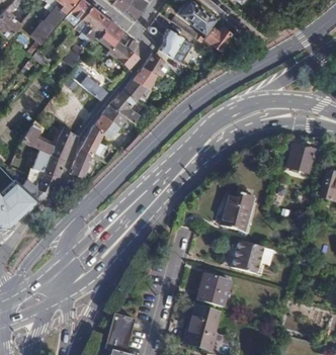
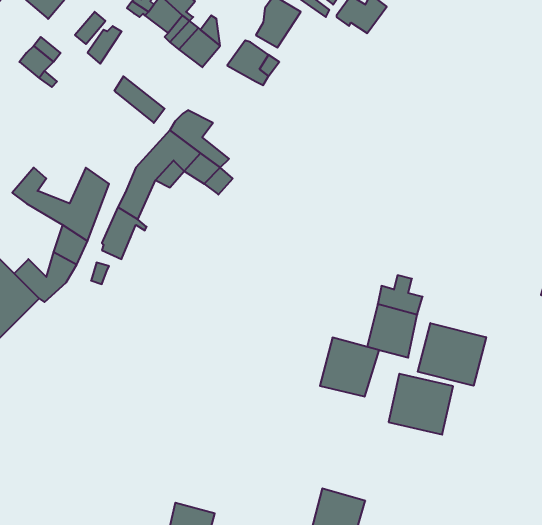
building: [120,68,159,100] -> none
building: [287,145,316,174] -> none
building: none -> [418,323,486,386]
building: [197,274,231,307] -> [320,338,379,397]

